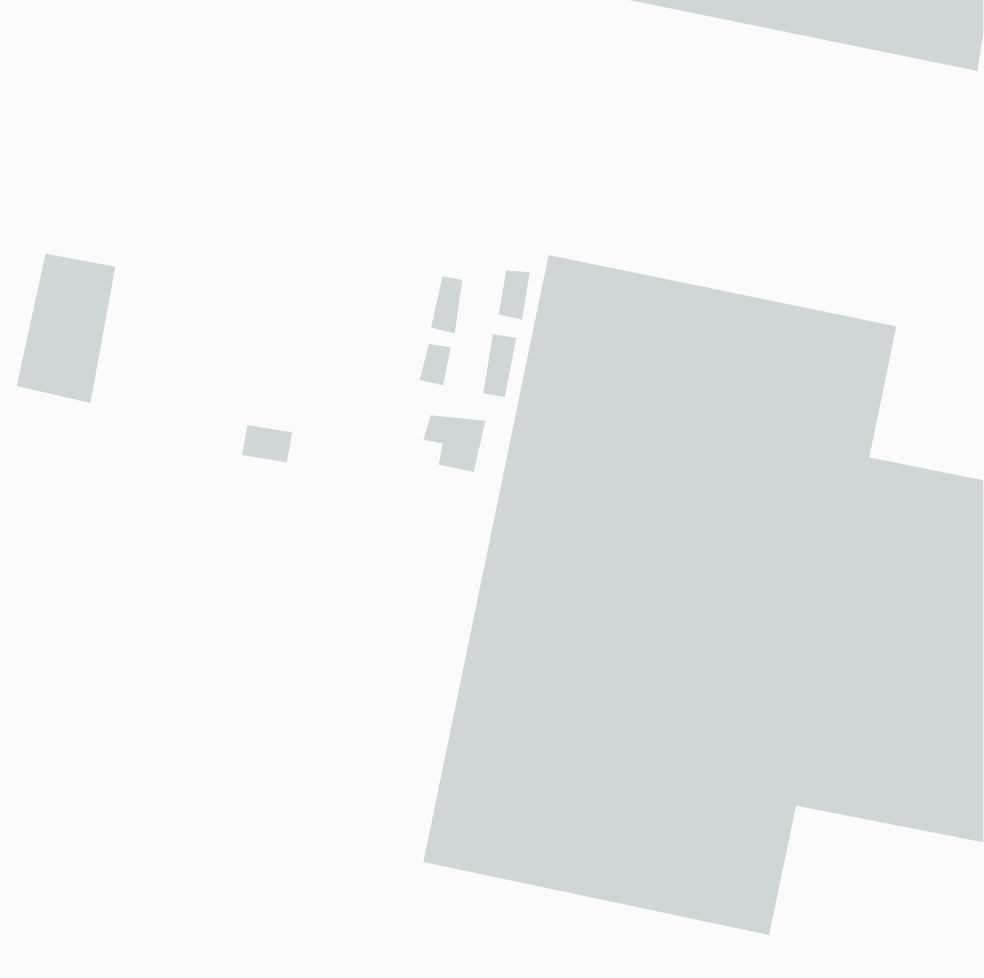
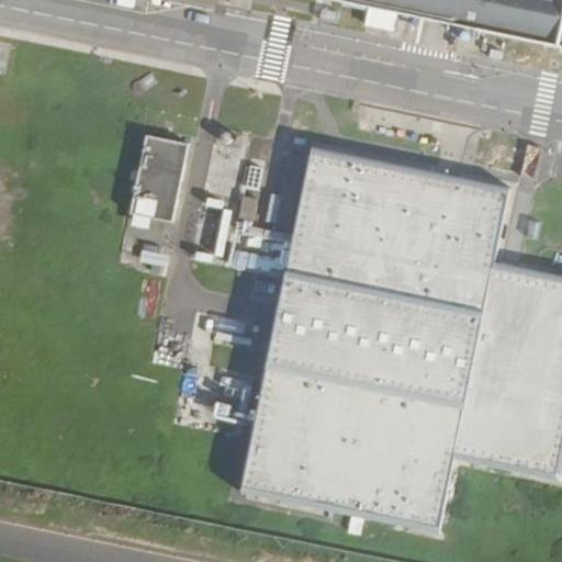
building: [16,253,116,404] -> [131,135,188,221]

